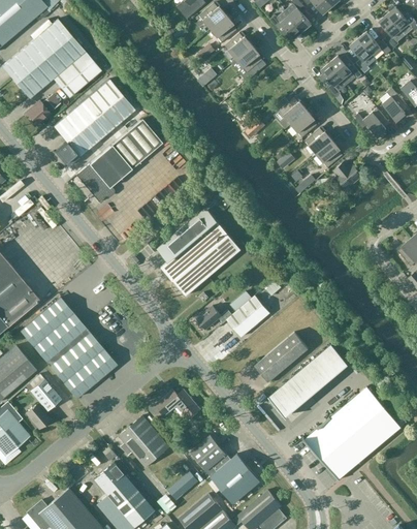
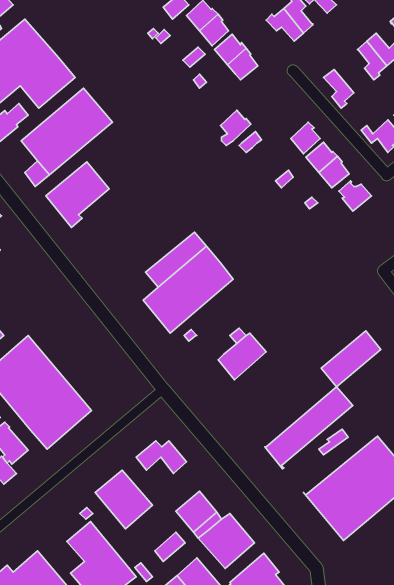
building: [329,56,362,84] -> none
building: [280,97,307,128] -> [220,110,251,145]
building: [111,118,162,168] -> none
building: [196,306,232,330] -> none
building: [255,332,308,381] -> [321,331,381,387]

